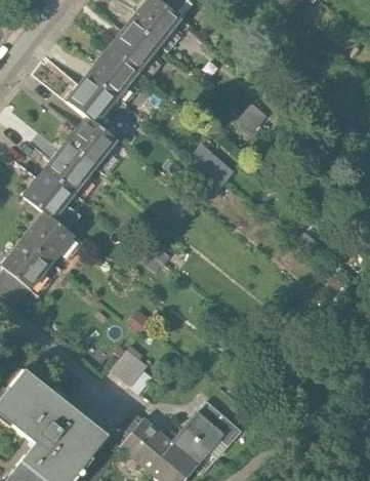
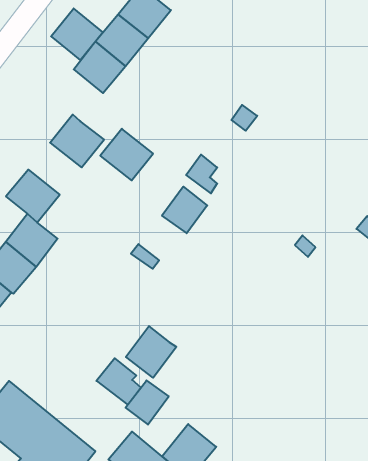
building: [67,73,116,122] -> [51,8,103,60]
building: [45,143,95,192] -> [100,129,153,180]
building: none -> [162,187,207,233]
building: none -> [126,326,176,378]
building: none -> [126,380,169,425]

